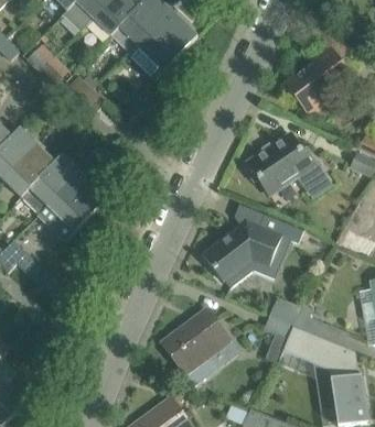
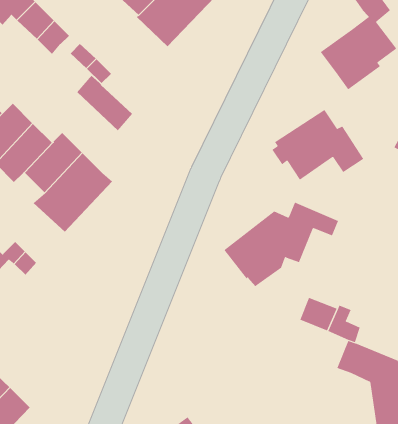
building: none -> [76,75,133,131]
building: [161,308,231,384] -> none
building: [262,315,292,362] -> none

